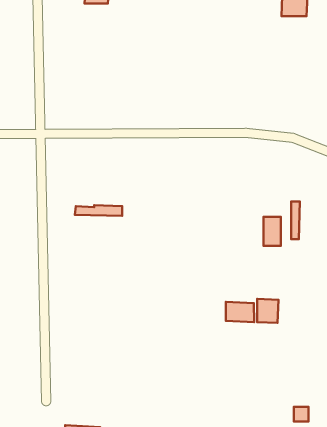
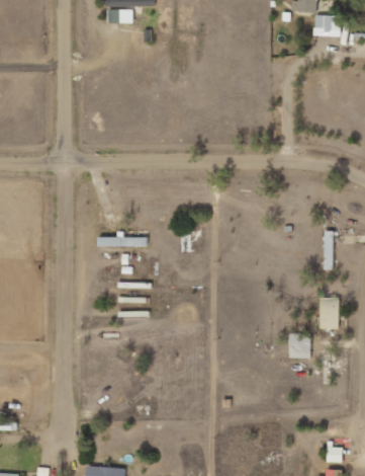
building: [264,217,281,246] -> [320,299,338,329]
building: [226,302,254,322] -> none

